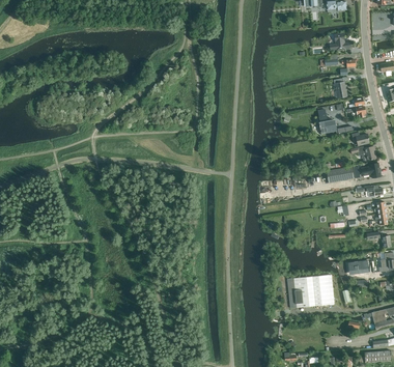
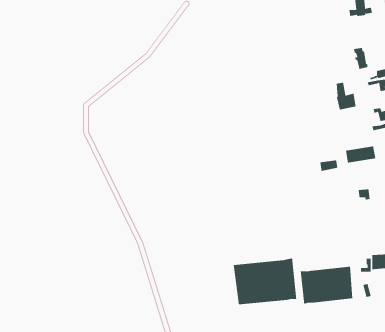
building: none -> [233,257,297,305]

